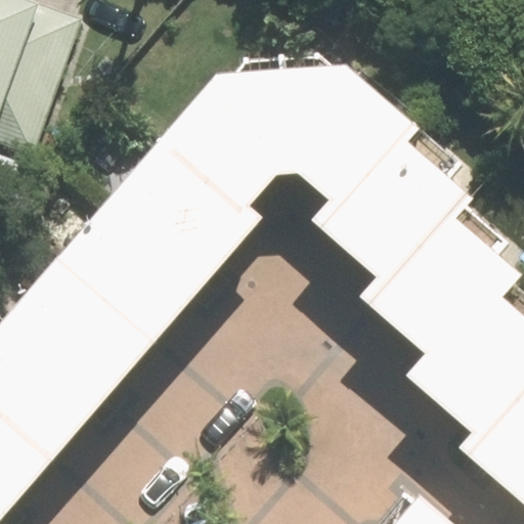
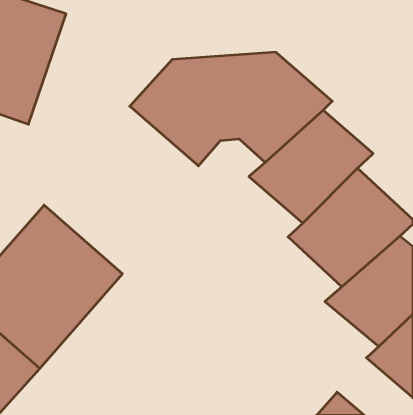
building: [55,133,262,343] -> none

